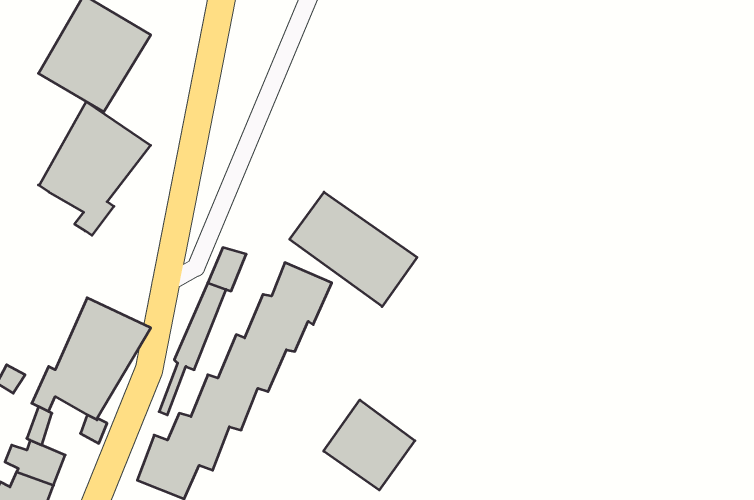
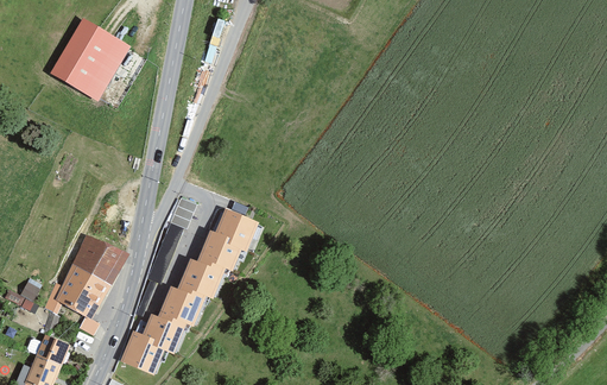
building: [38,102,151,235] -> none
building: [290,192,417,307] -> none
building: [324,400,415,490] -> none

